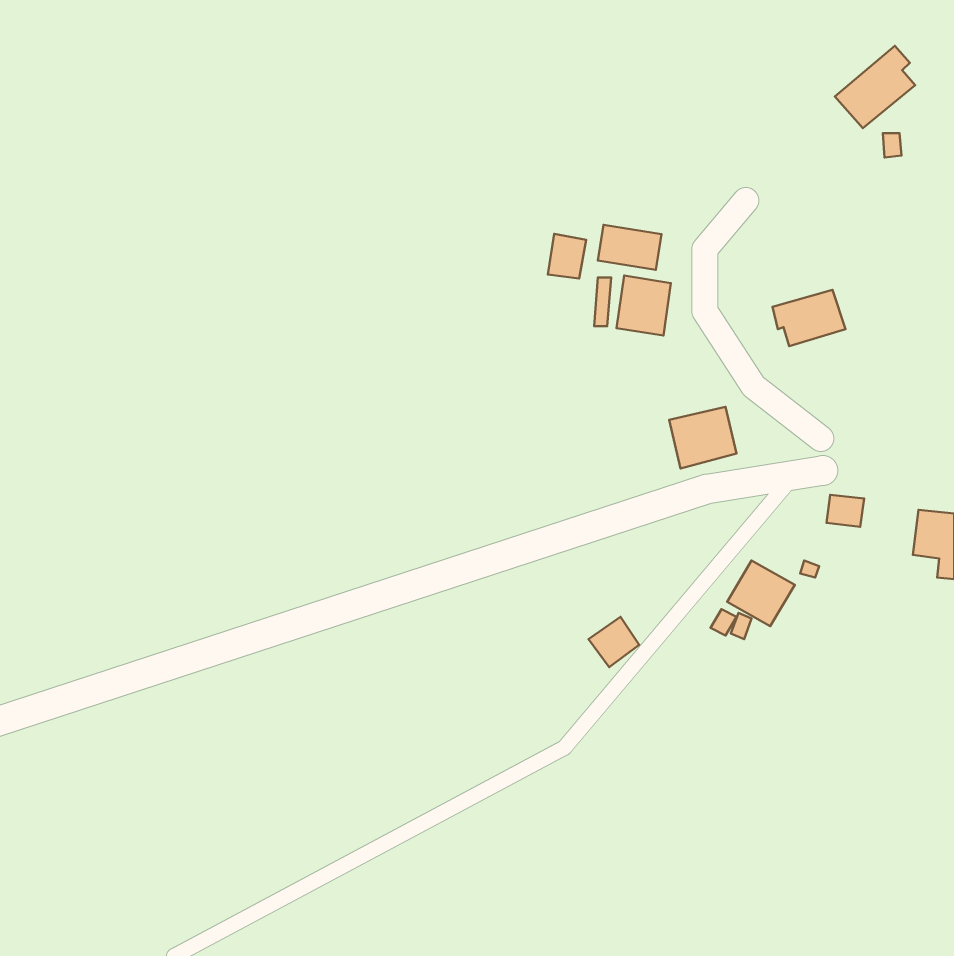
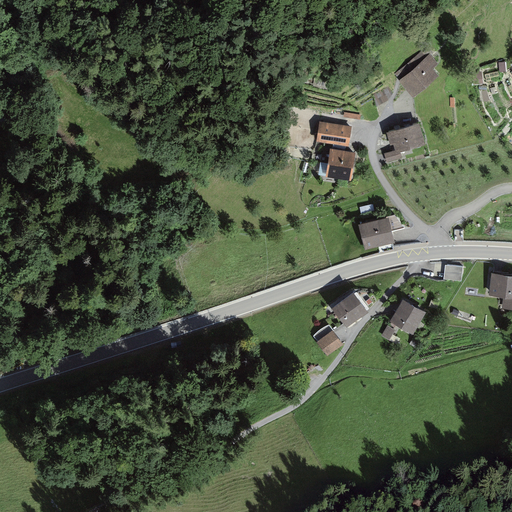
building: [835,46,915,128] -> [401,52,444,96]
building: [548,234,586,279] -> none
building: [772,290,845,346] -> [391,121,430,151]
building: none -> [330,291,367,327]

